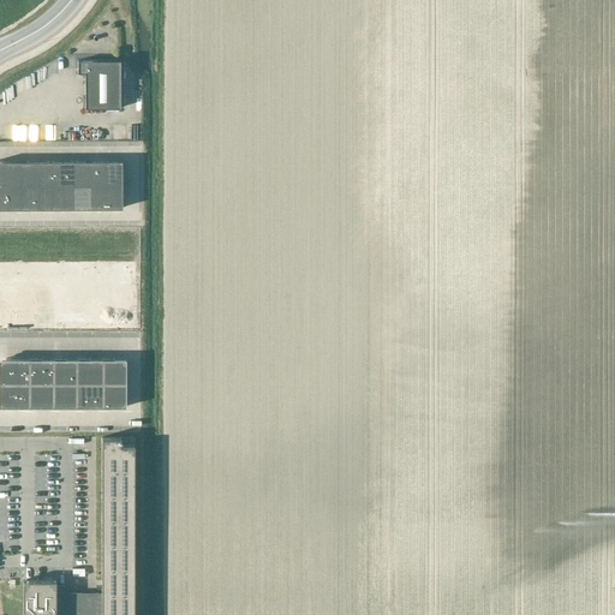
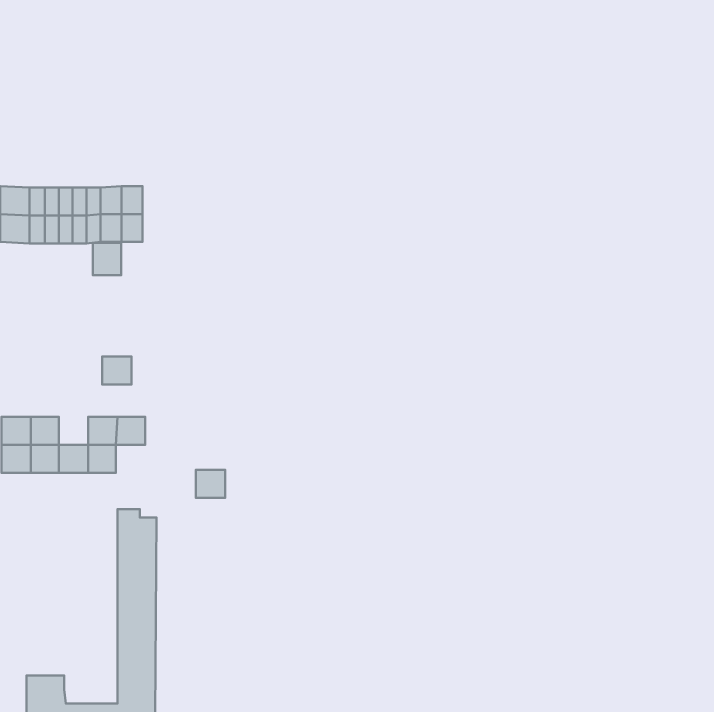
building: [77,62,121,111] -> none
building: none -> [93,243,121,275]
building: [50,360,76,384] -> [102,357,132,384]
building: [100,384,125,408] -> [196,470,225,498]

